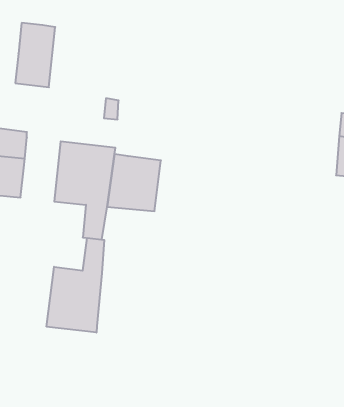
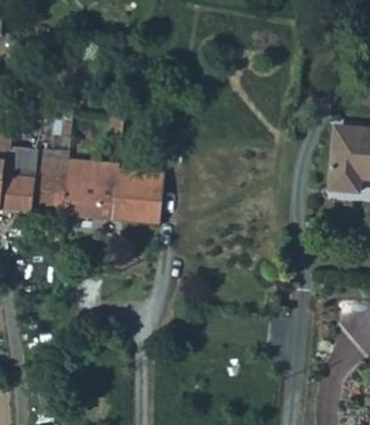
building: [15,23,55,87] -> [29,154,67,215]
building: [47,238,104,333] -> none

